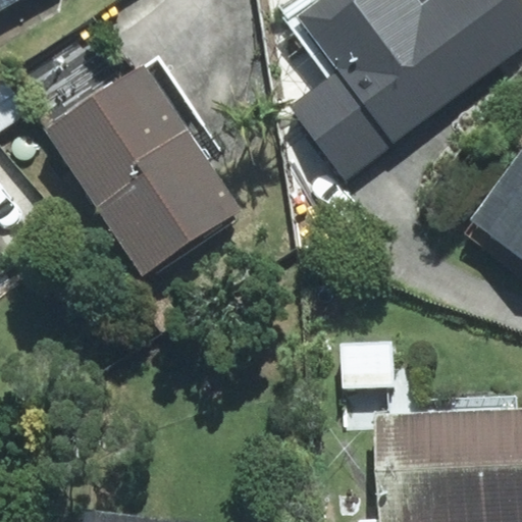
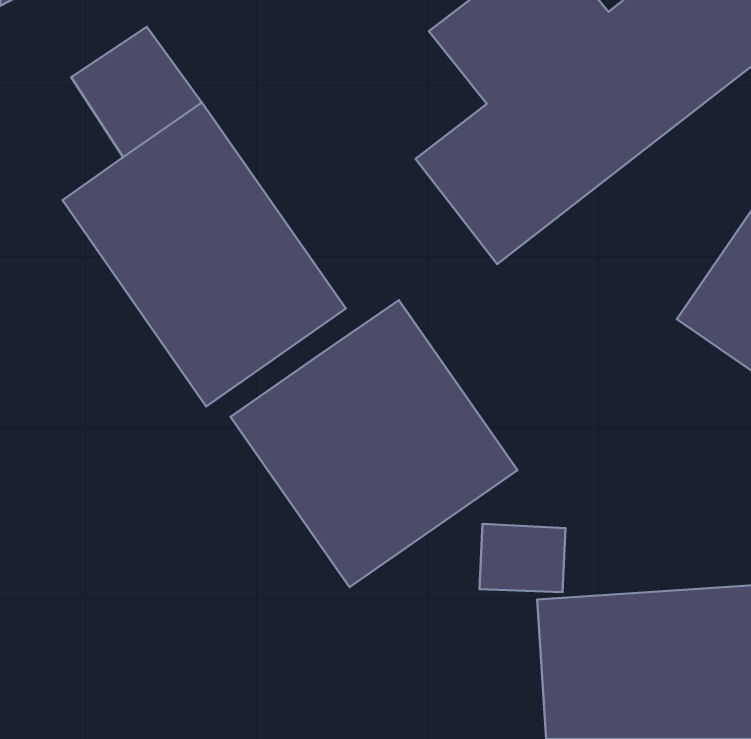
building: none -> [231,300,518,587]

